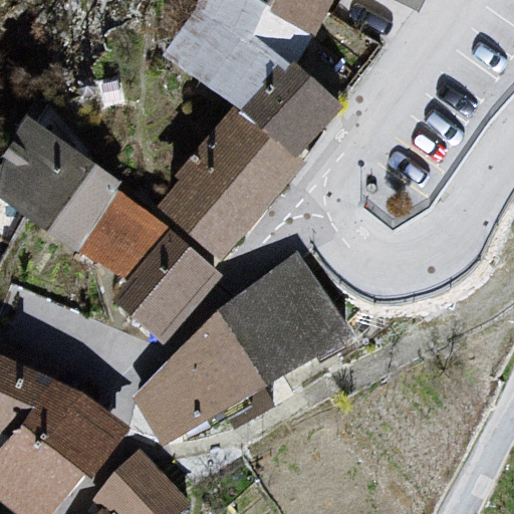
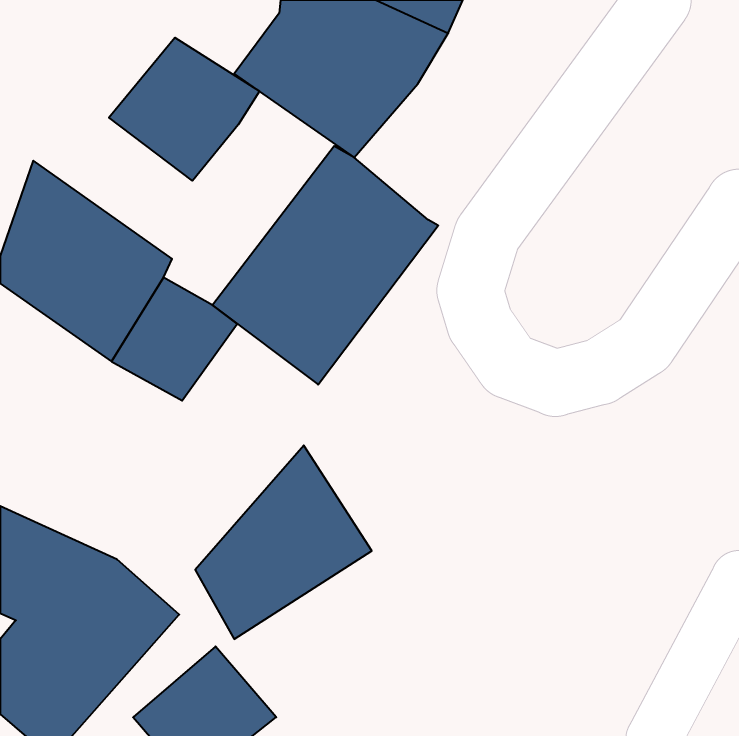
building: none -> [109,38,259,181]
building: [246,60,341,155] -> none
building: [112,227,221,344] -> none
building: [211,257,342,384] -> none

